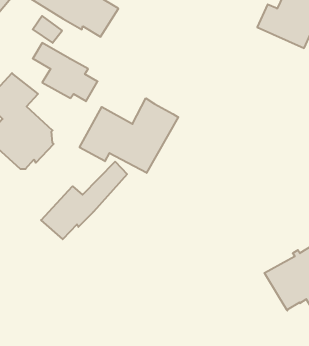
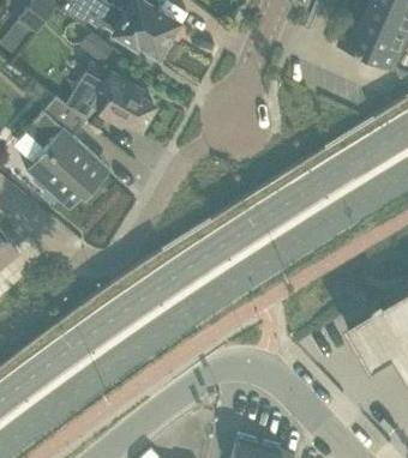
building: [80,98,178,173] -> none
building: [41,162,127,239] -> none

